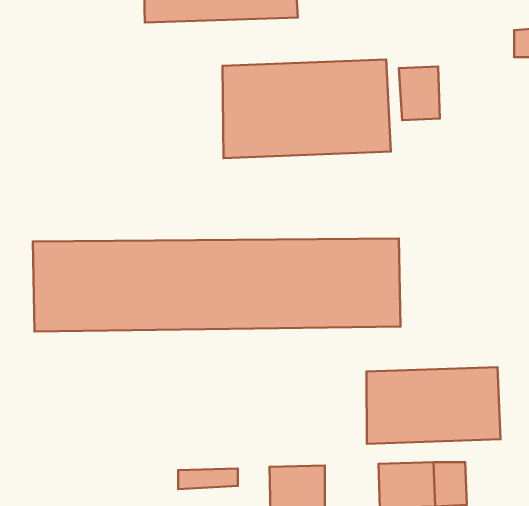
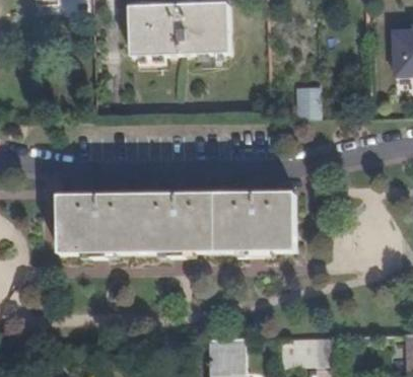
building: [223,60,391,158] -> none
building: [366,367,501,444] -> none

